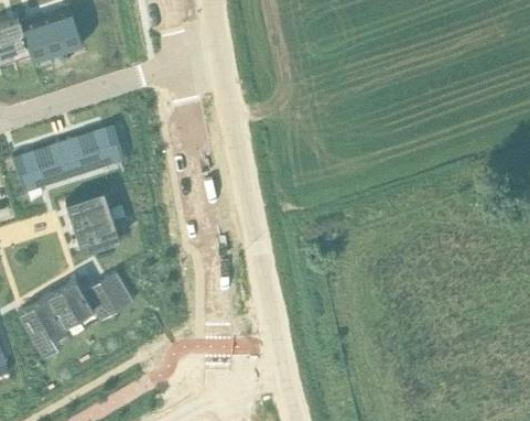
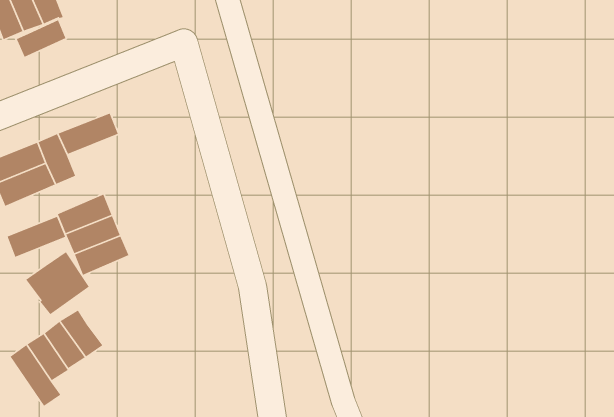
building: none -> [15,19,67,58]
building: [76,144,123,175] -> [6,216,66,258]
building: [82,273,132,323] -> [25,251,90,315]

